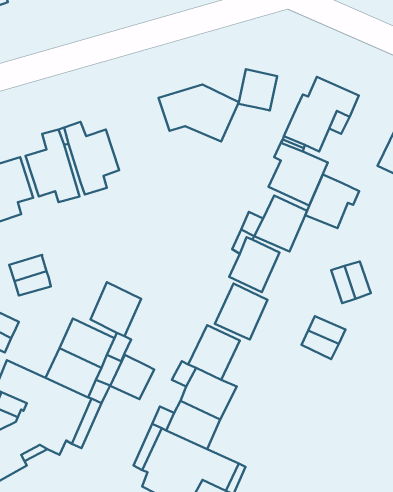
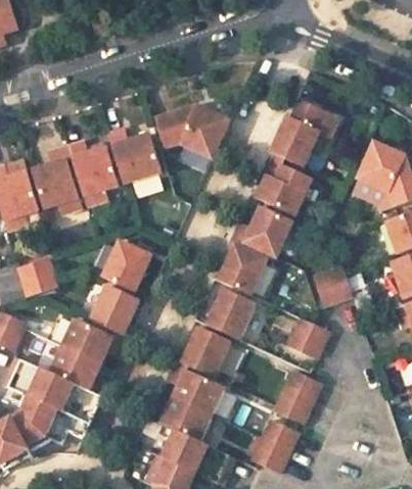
building: [239,69,277,111] -> none
building: none -> [104,126,157,182]
building: [305,175,359,228] -> none
building: none -> [103,238,151,289]
building: [110,355,154,399] -> none
building: none -> [272,373,320,426]
building: none -> [250,421,297,474]

